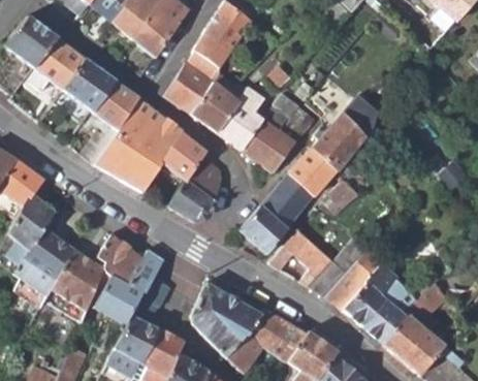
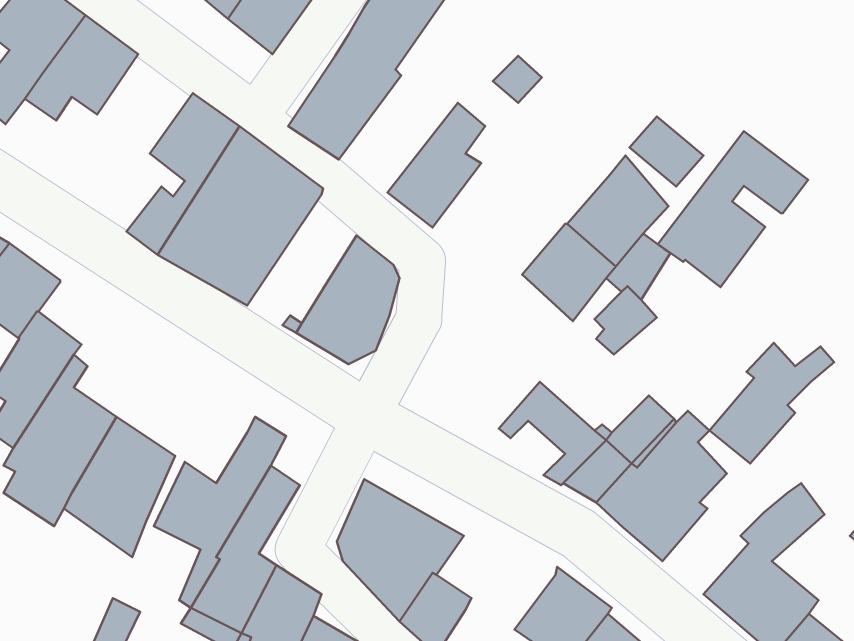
building: [63,58,114,110] -> none
building: [191,69,254,131] -> none
building: [241,90,320,172] -> [658,131,808,287]
building: [161,132,203,179] -> none
building: [238,174,313,255] -> none
building: [89,233,142,308] -> none
building: [362,280,428,344] -> [709,343,834,464]
building: [243,307,306,362] -> none

